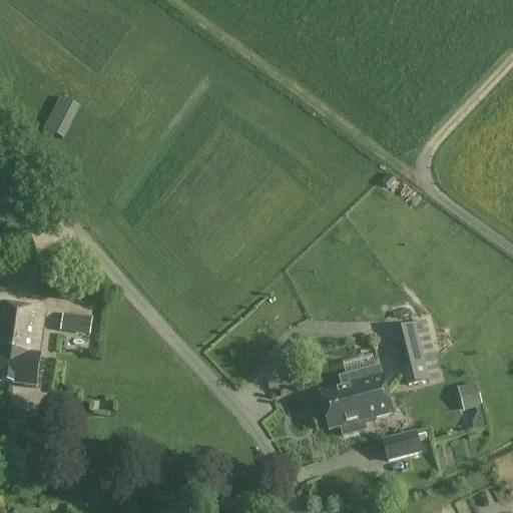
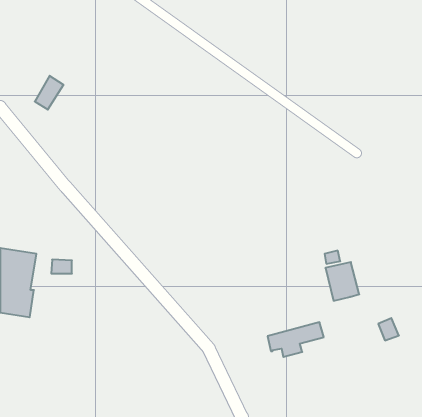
building: [405,358,440,382] -> none
building: [320,363,388,409] -> none
building: [383,430,421,459] -> none

